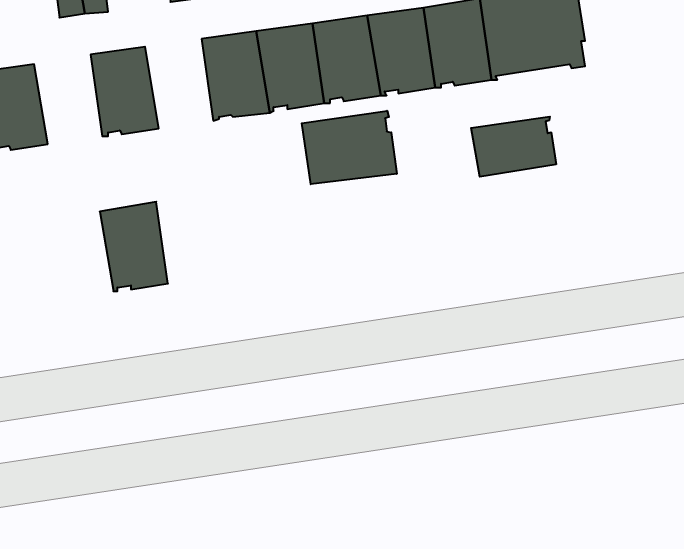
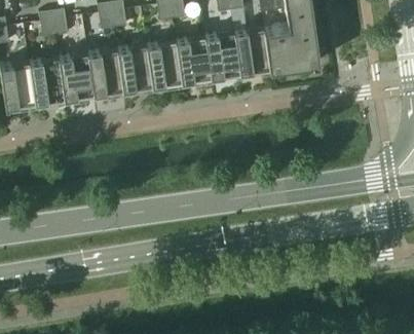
building: none -> [87,49,123,97]
building: [302,111,397,184] -> none
building: [471,117,556,177] -> none
building: [100,202,168,291] -> [29,58,65,105]

